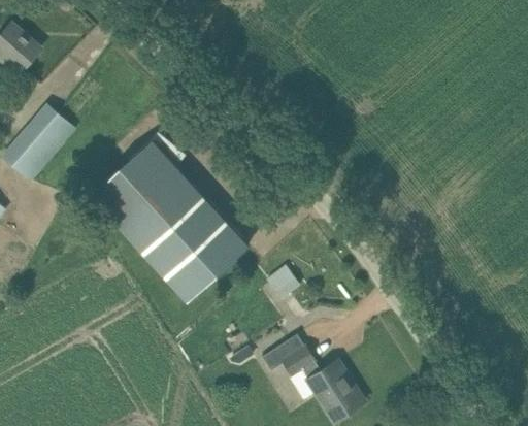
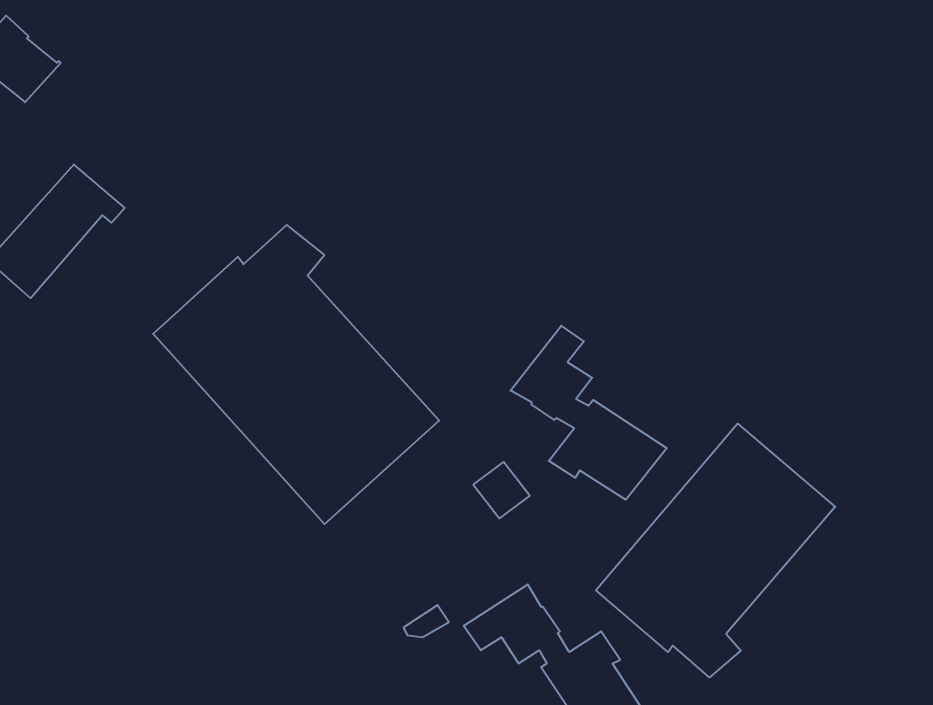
building: none -> [510,326,667,500]
building: none -> [596,424,835,677]

